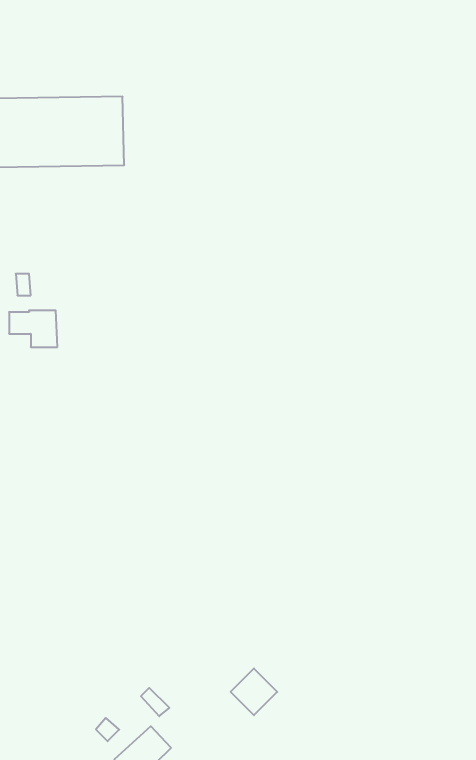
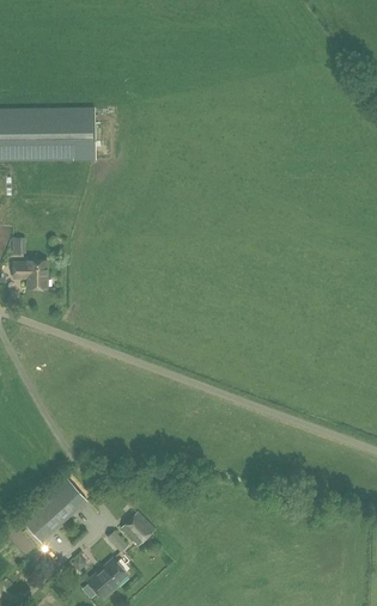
building: none -> [22,479,85,541]
building: [231,668,277,715] -> [121,512,154,545]

